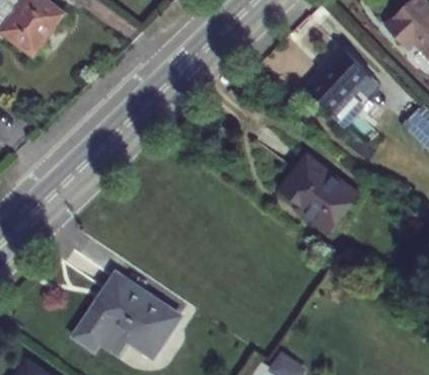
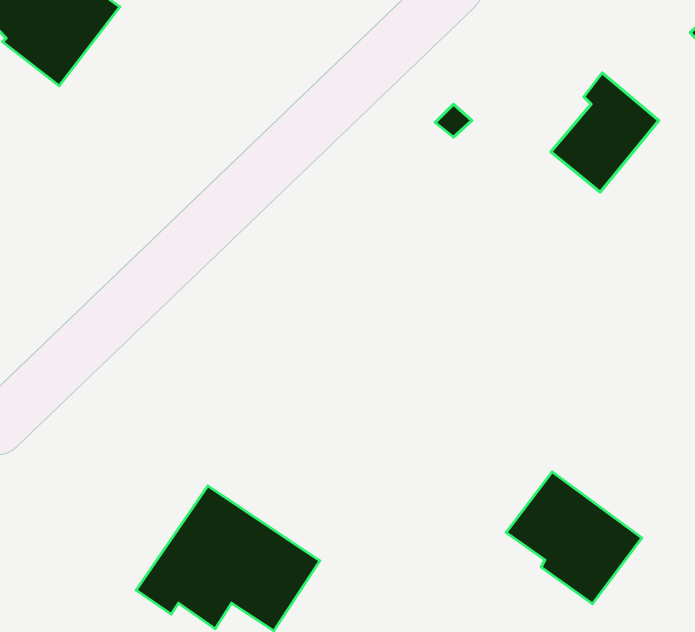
building: [278,156,353,229] -> [506,472,642,604]

